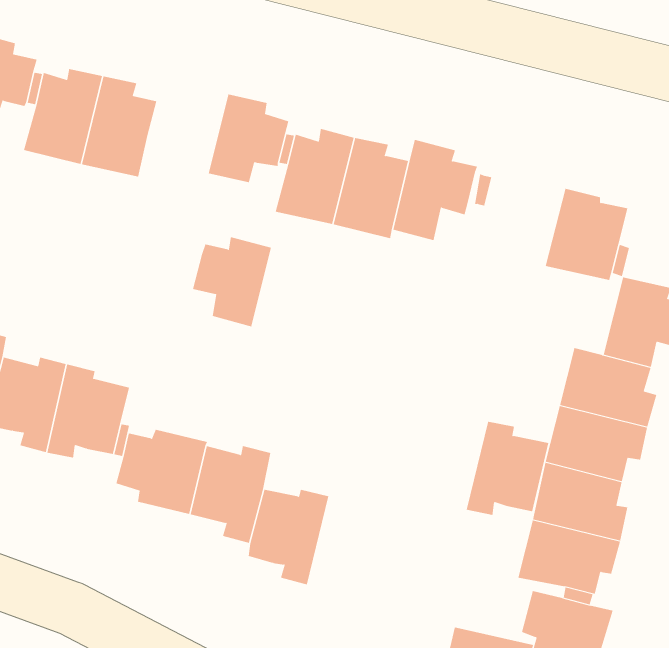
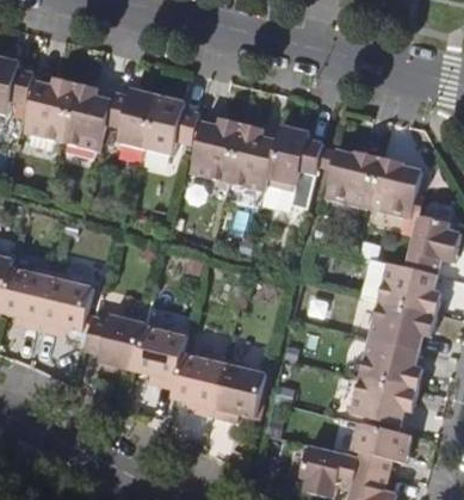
building: none -> [323,149,379,208]
building: [192,237,272,327] -> [105,87,157,147]
building: [466,421,549,515] -> [210,359,265,421]

